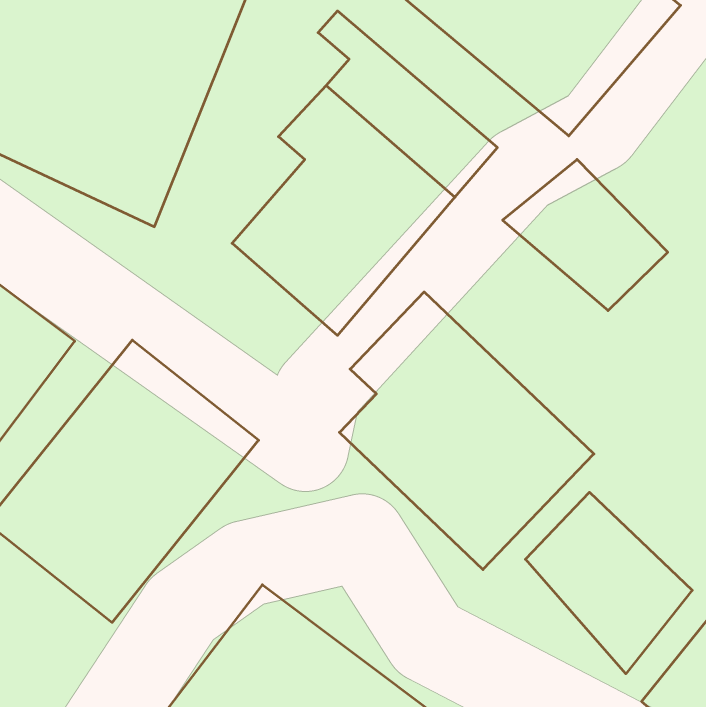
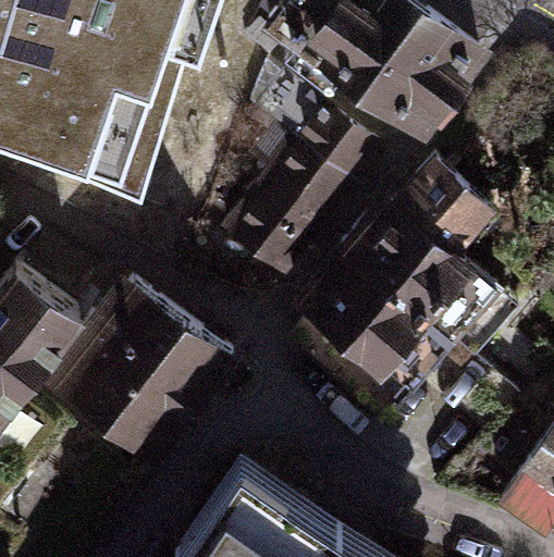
building: none -> [335,191,501,343]
building: [525,492,692,674] -> none

